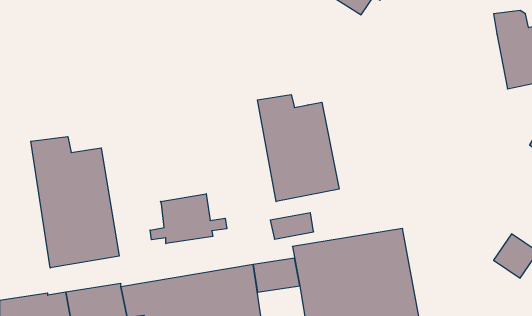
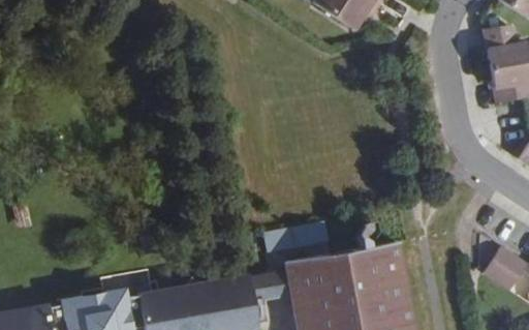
building: [257,95,339,202] -> none
building: [31,137,119,268] -> none
building: [150,194,227,244] -> none

